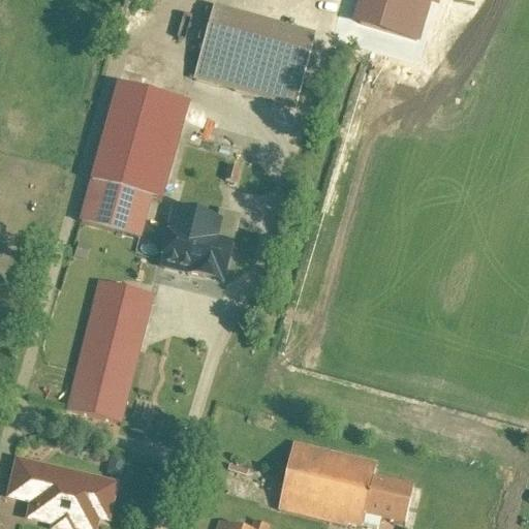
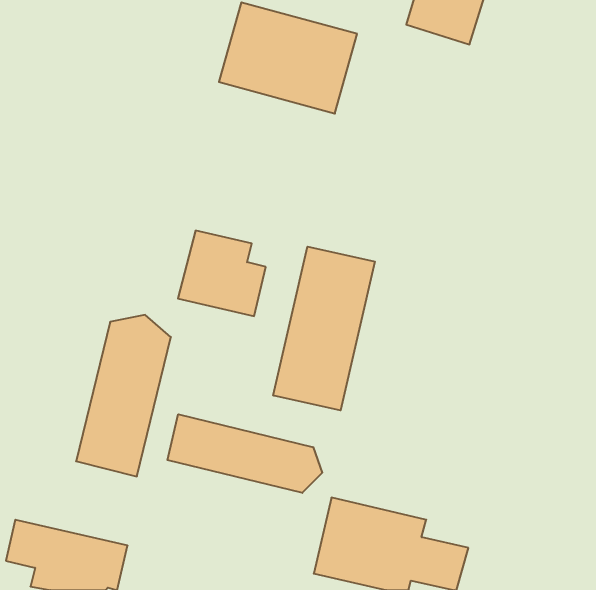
building: [82,59,189,234] -> none
building: none -> [273,247,375,410]
building: none -> [167,414,322,493]

